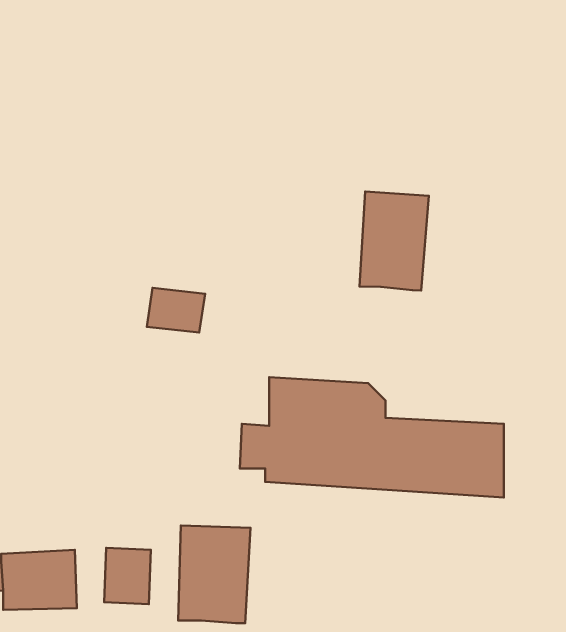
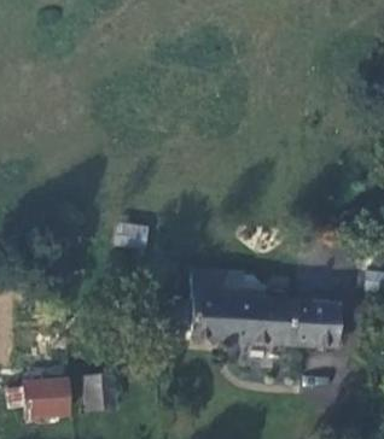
building: [359,192,429,291] -> none
building: [178,525,250,623] -> none

